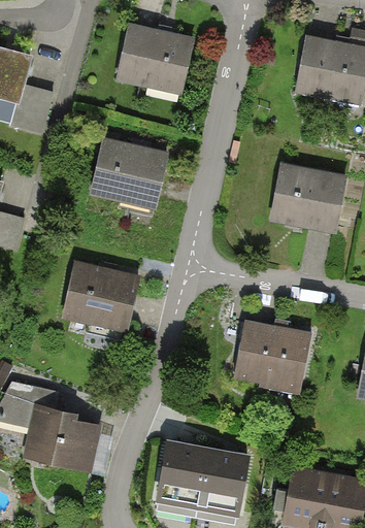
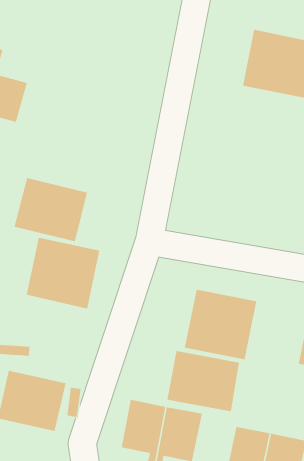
building: [113,22,196,99] -> none
building: [87,137,168,208] -> [13,177,88,242]
building: [268,162,349,233] -> none
building: none -> [167,350,240,412]

